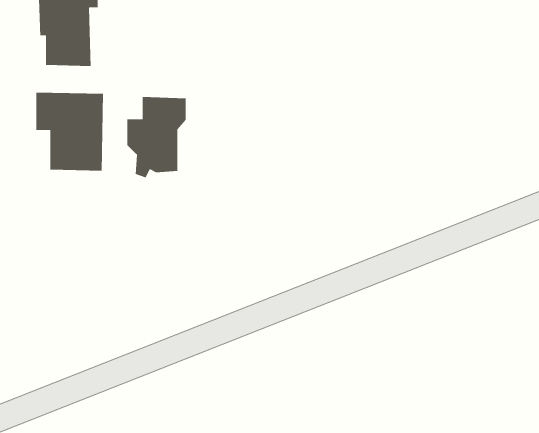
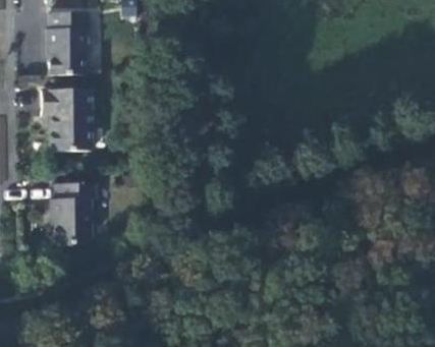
building: [126,96,187,179] -> [51,182,95,242]

